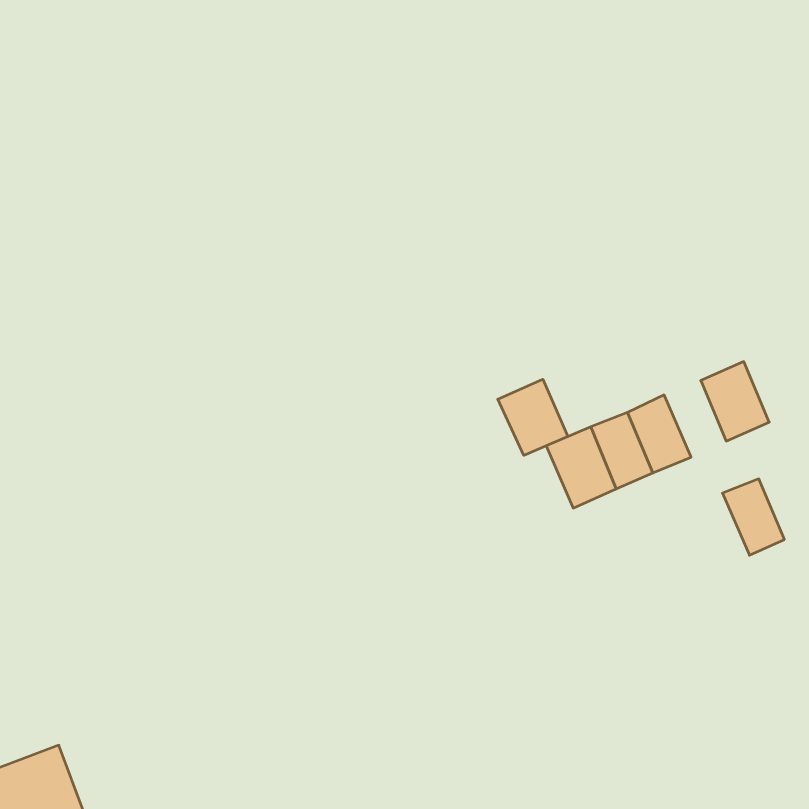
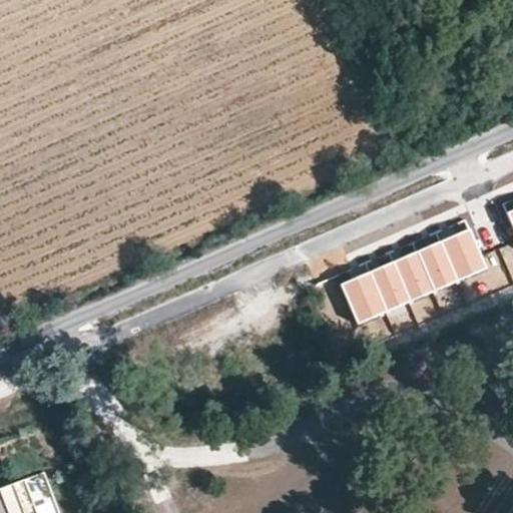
building: [498,379,568,455] -> none
building: [722,479,784,555] -> [418,242,457,291]

